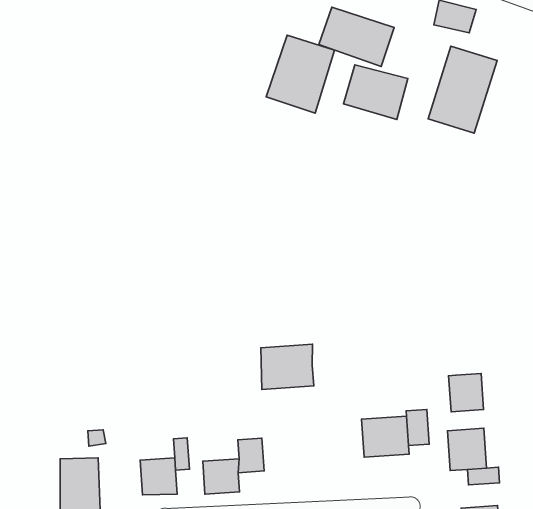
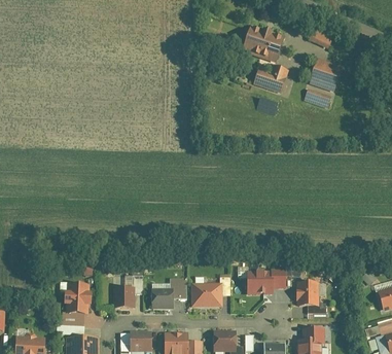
building: [266,35,335,113] -> none
building: [261,344,314,389] -> [191,282,223,307]
building: [449,373,484,412] -> none

